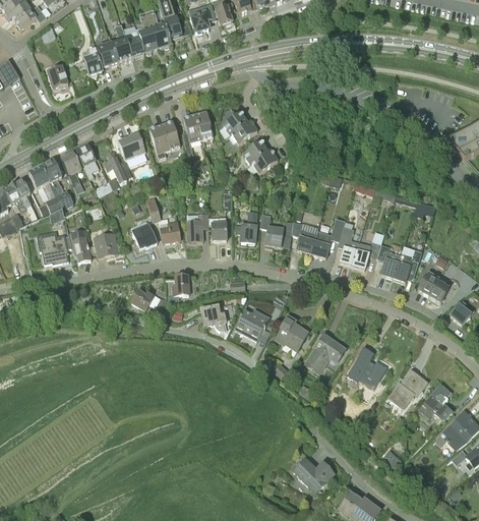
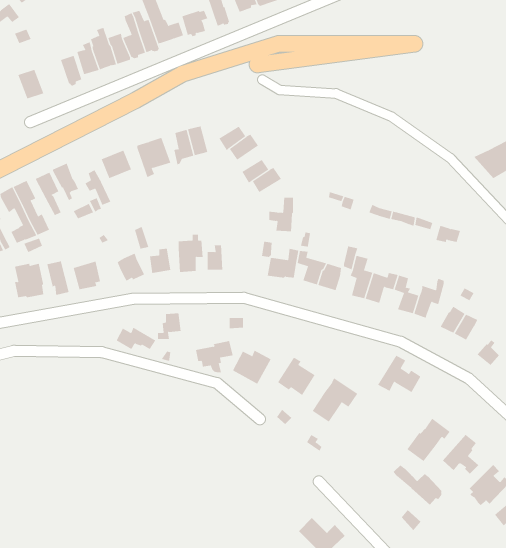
building: [234,212,256,242] -> [269,197,294,232]
building: [347,348,385,382] -> [377,355,421,393]
building: none -> [393,464,442,506]

